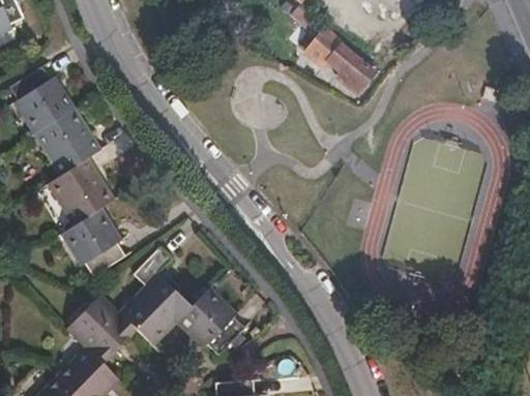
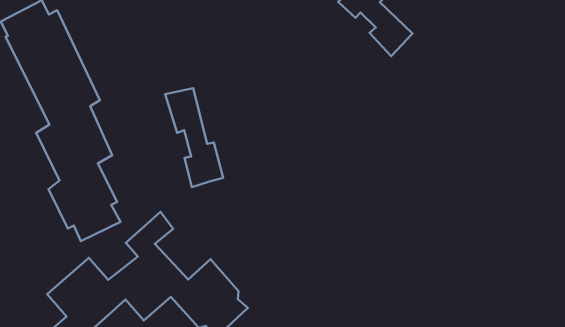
building: none -> [165,88,223,187]

